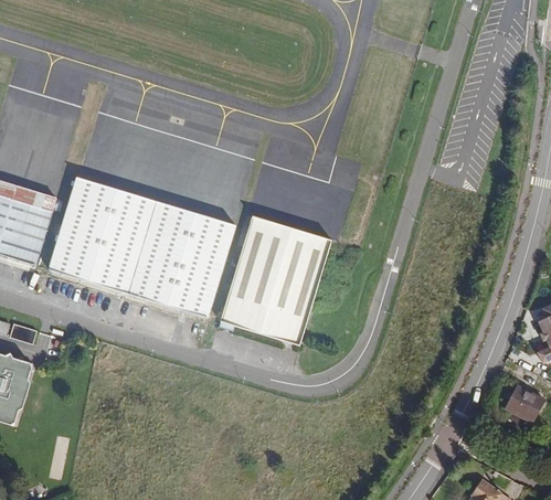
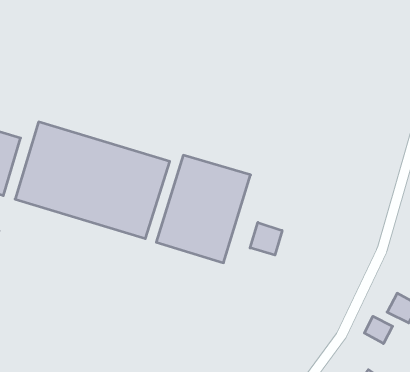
building: none -> [250,222,282,255]
building: none -> [364,316,393,344]

